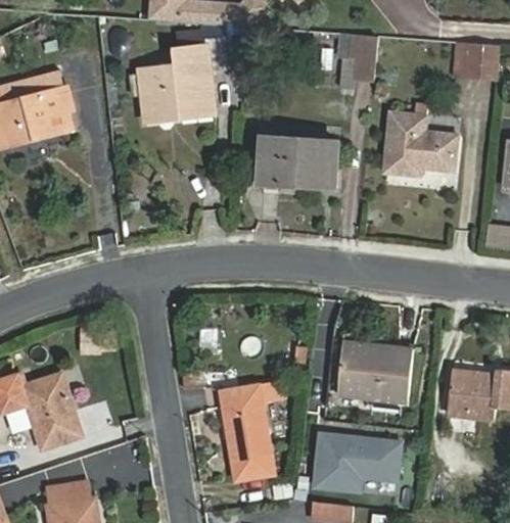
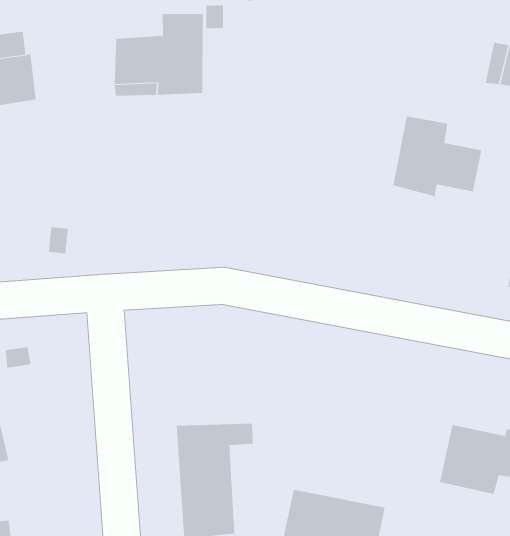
building: [346,36,377,79] -> none
building: [258,135,337,191] -> none
building: [337,339,413,403] -> none

